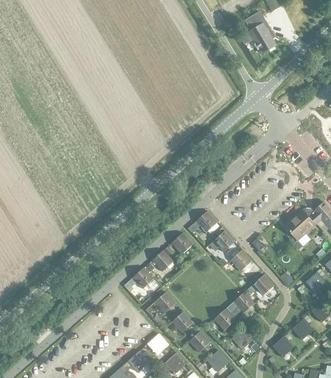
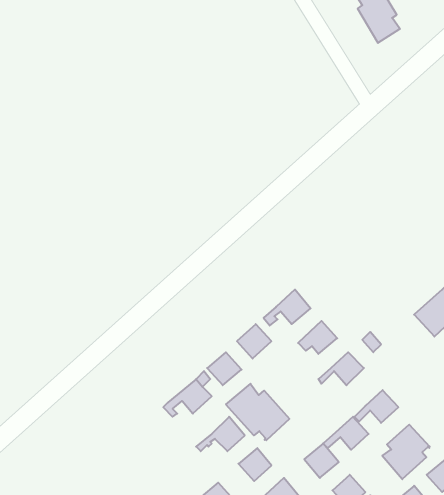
building: none -> [226,384,289,440]
building: none -> [382,425,430,479]

